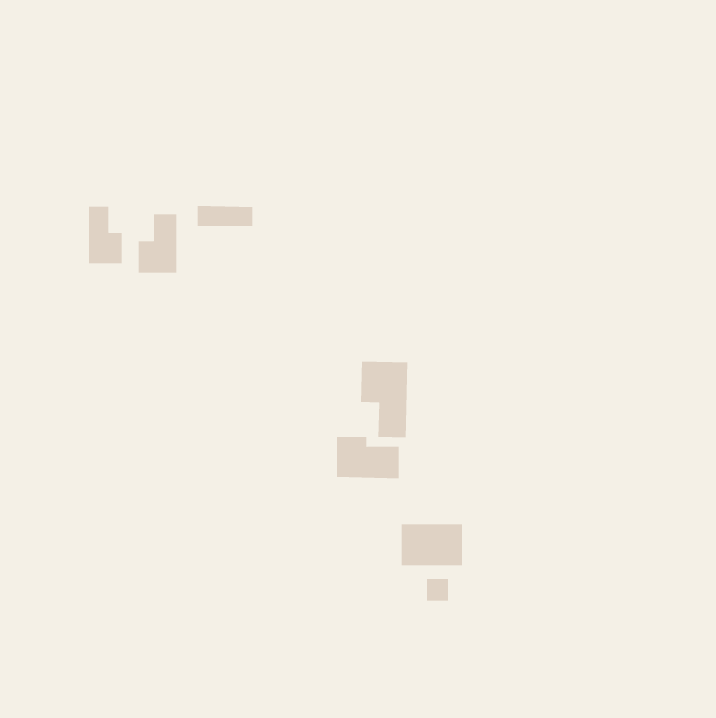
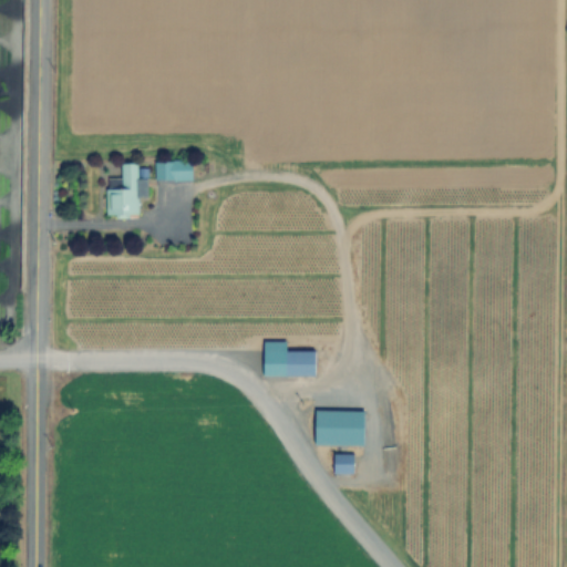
building: [89,206,122,264] -> none
building: [361,361,408,438] -> none

